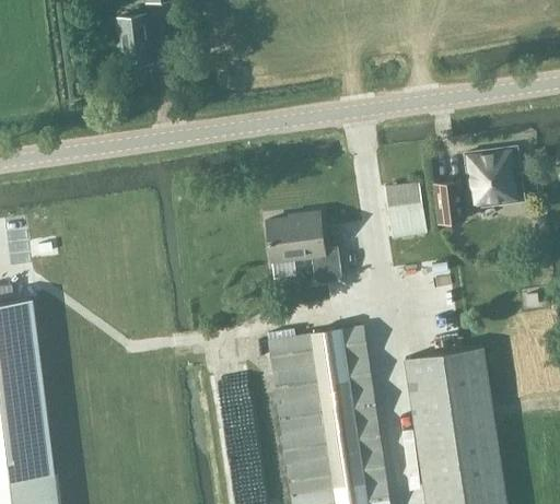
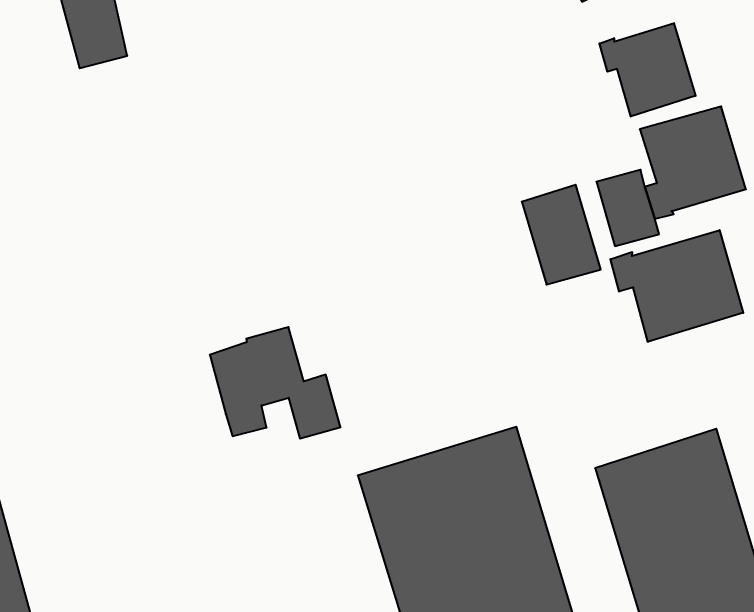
building: none -> [599,23,696,117]
building: [268,213,342,283] -> [210,327,341,439]
building: none -> [610,230,743,342]

